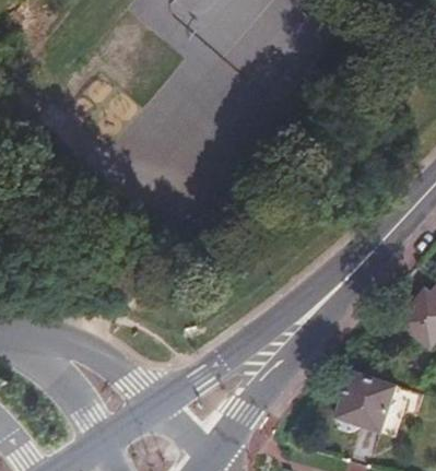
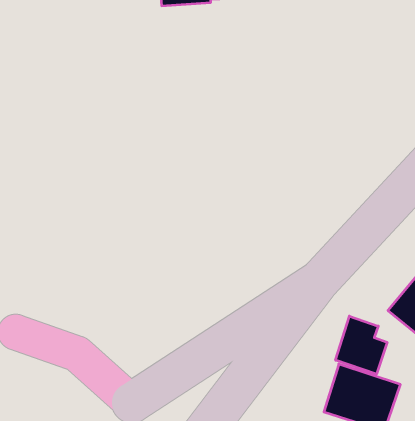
building: none -> [336,316,387,374]

